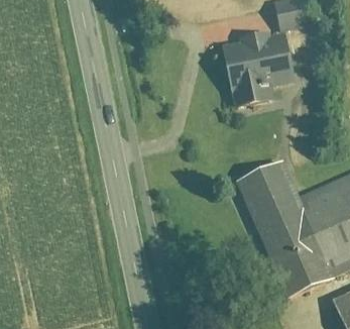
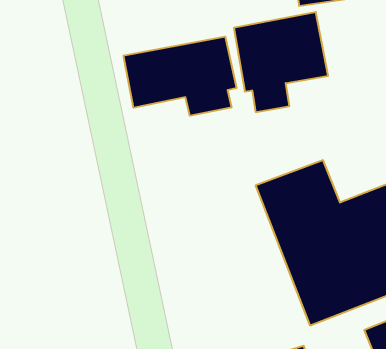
building: none -> [124,37,236,116]

